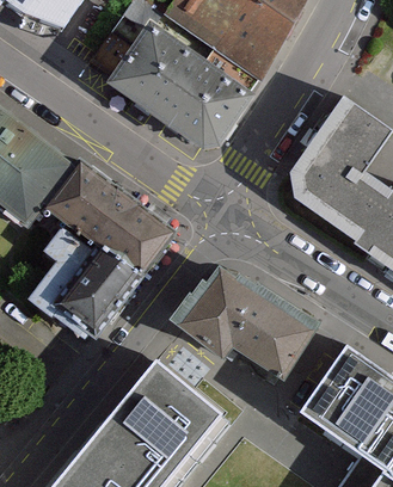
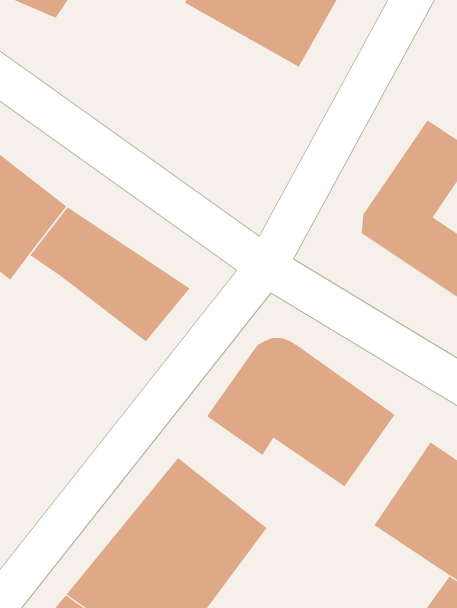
building: [100,20,235,140] -> none
building: [30,223,133,339] -> none

